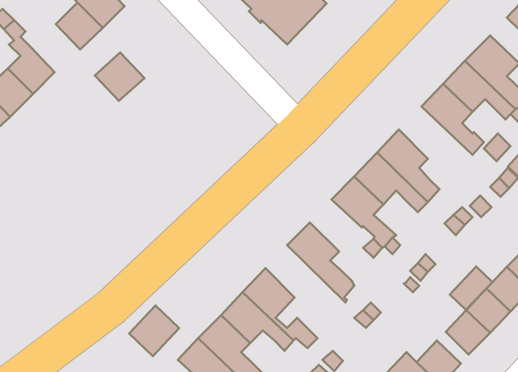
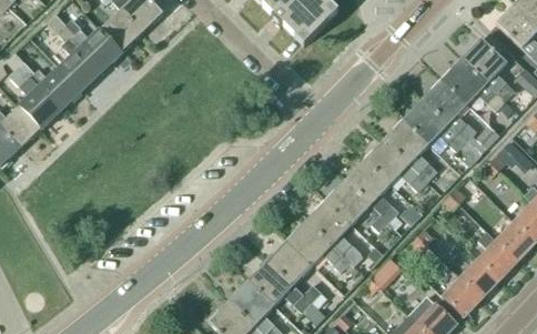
building: [95,53,144,101] -> [80,28,123,70]
building: none -> [402,100,466,151]
building: none -> [324,181,369,226]
building: none -> [285,221,355,274]
building: [450,267,492,310] -> none
building: [129,306,179,356] -> none

